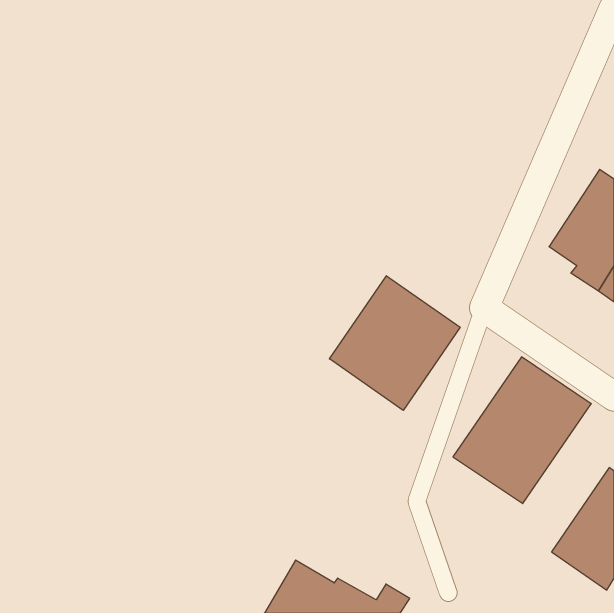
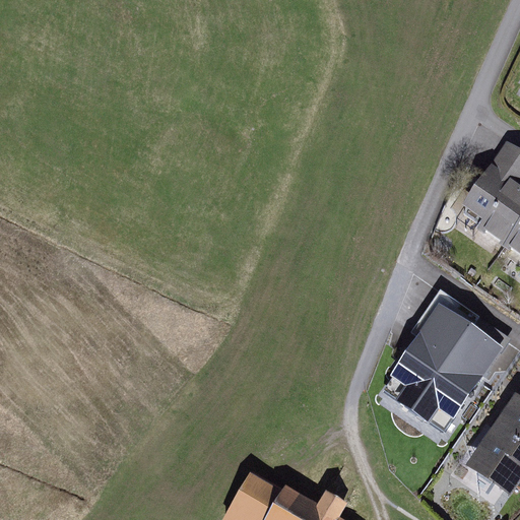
building: [329,276,460,410] -> none

